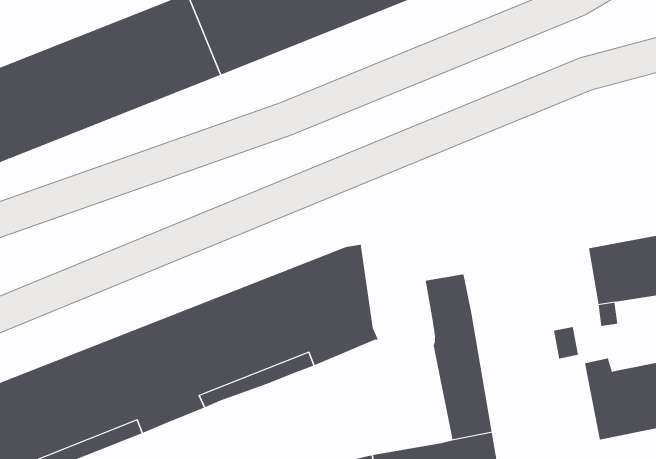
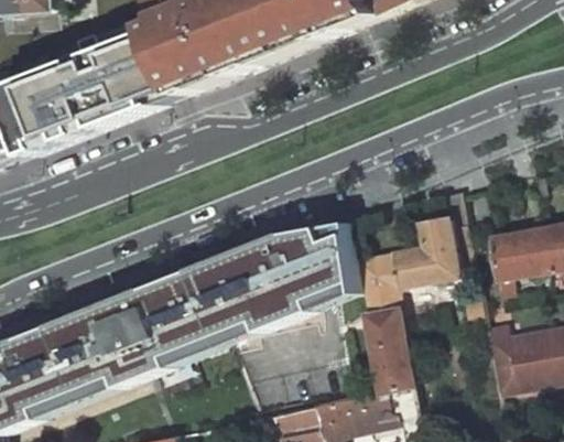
building: none -> [386,187,468,284]
building: none -> [302,218,359,306]

